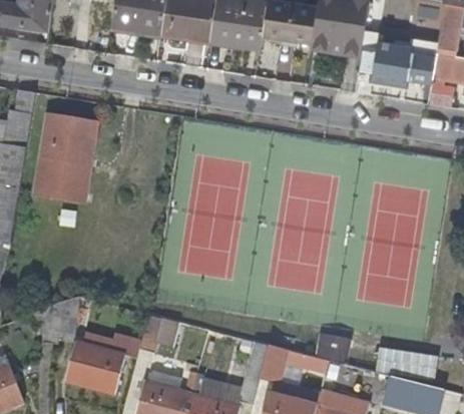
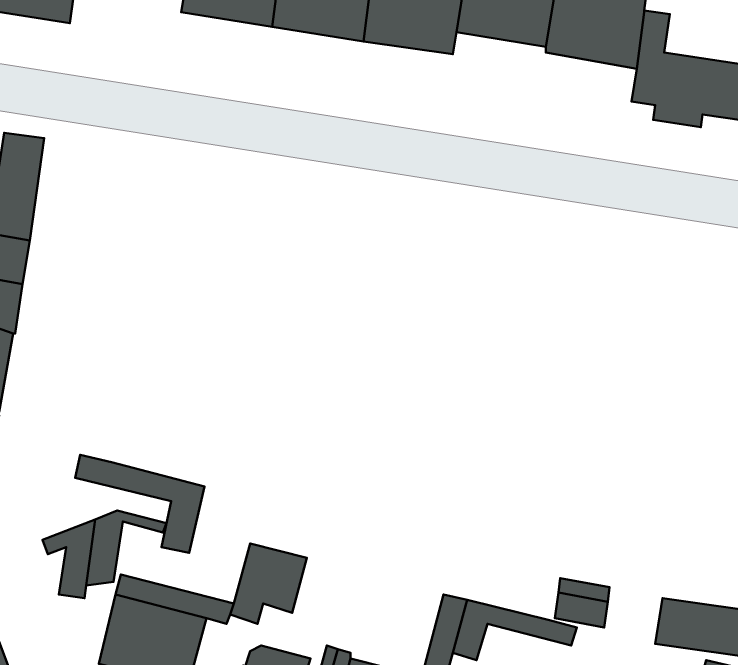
building: [35,116,95,202] -> none
building: none -> [75,455,205,553]

